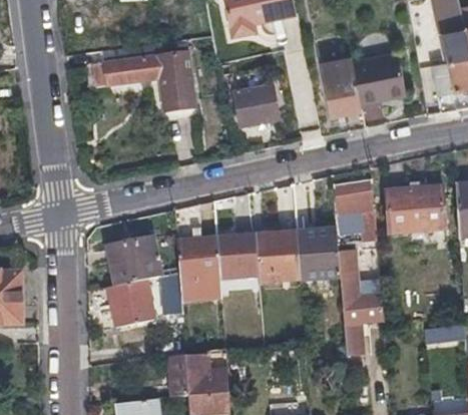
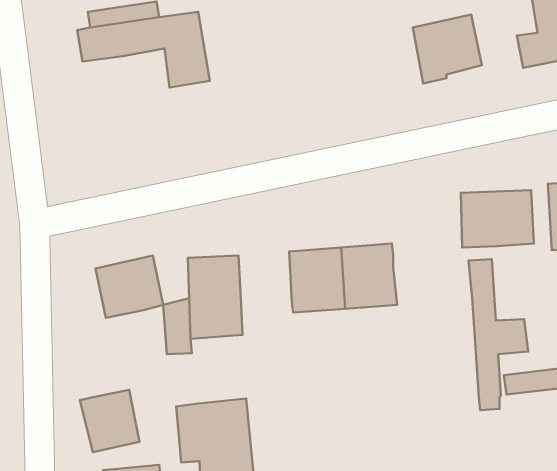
building: [320,60,361,115] -> none
building: [237,88,277,126] -> none
building: [333,185,372,238] -> none
building: [217,235,259,276] -> none
building: [337,246,383,362] -> [468,259,528,410]
building: [106,280,152,328] -> [80,390,140,452]

